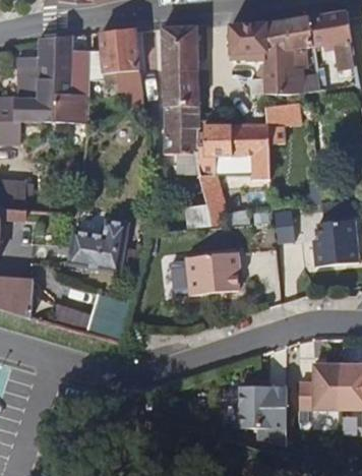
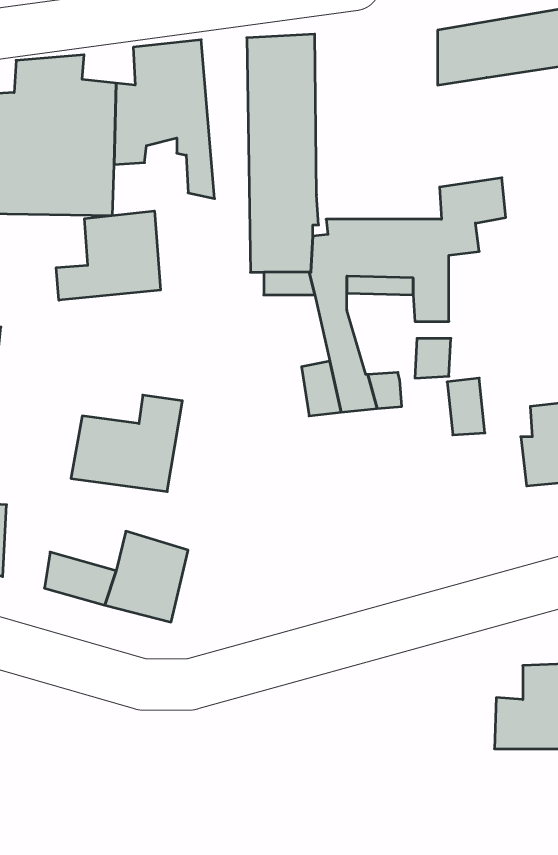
building: [230,22,304,93] -> none
building: none -> [56,211,160,300]
building: [168,253,235,296] -> none
building: [236,388,283,429] -> none

